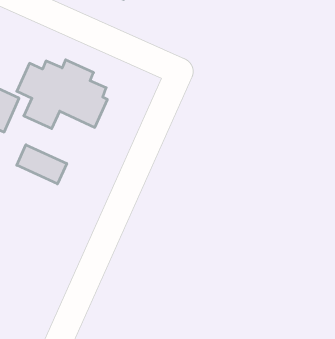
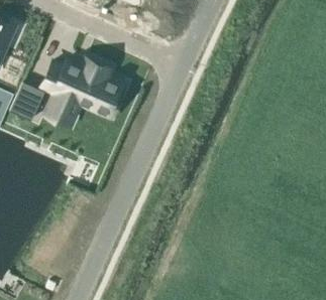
building: [17,145,67,184] -> none

